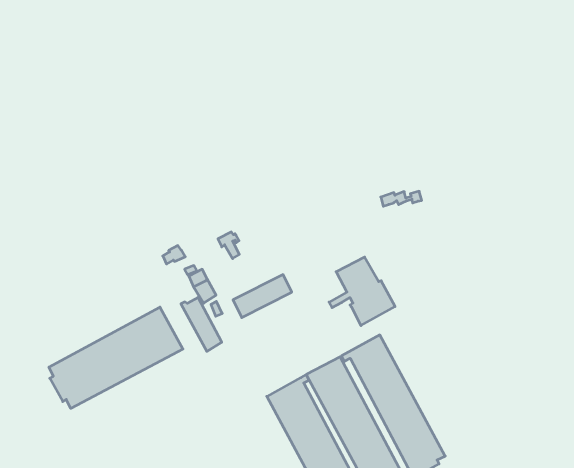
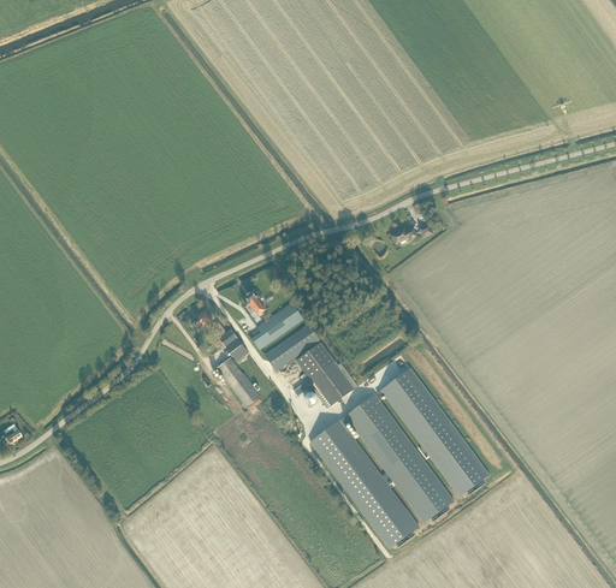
building: none -> [251,302,303,349]
building: [329,257,395,326] -> [294,341,357,408]
building: [49,307,183,408] -> none

